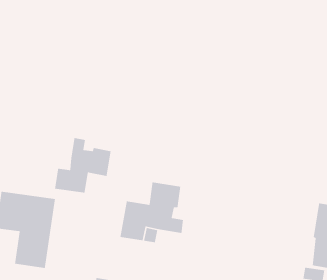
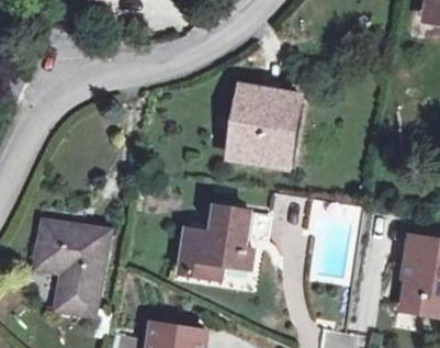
building: none -> [228,86,300,165]
building: [54,137,111,193] -> none

